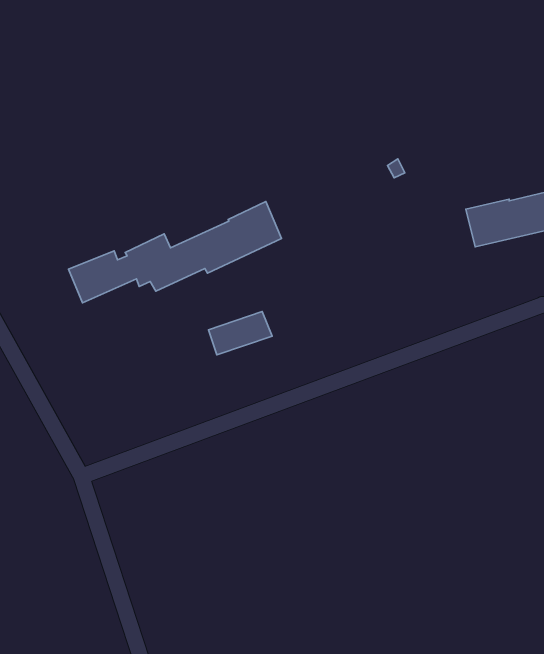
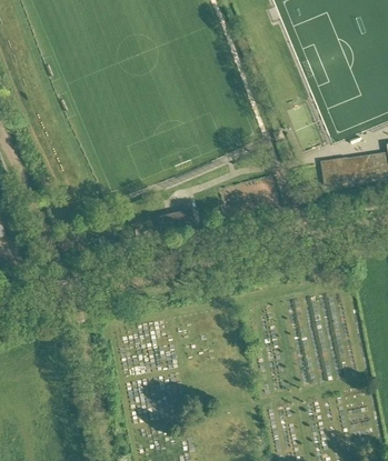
building: [69,202,282,303] -> none

